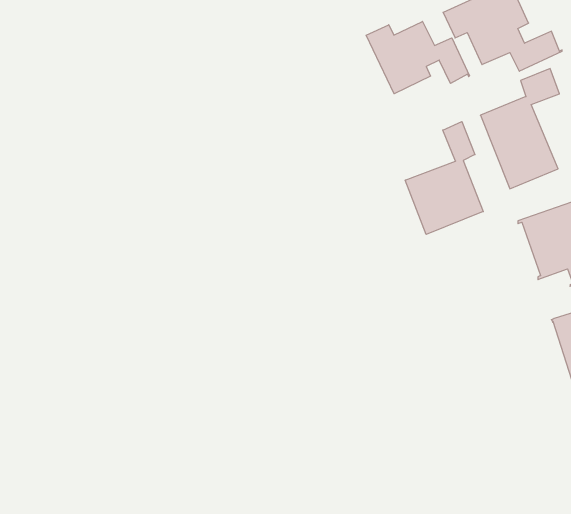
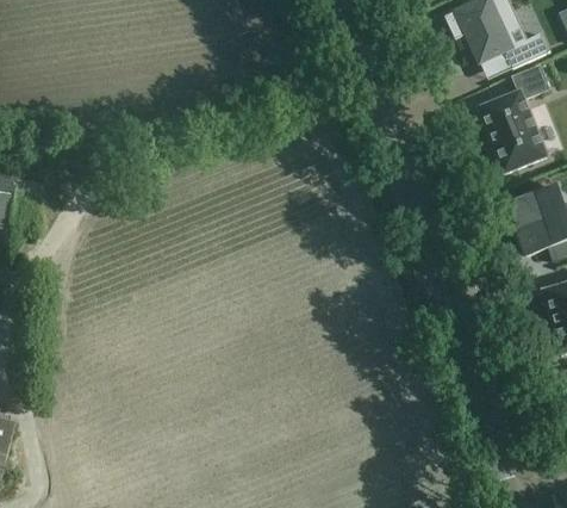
building: [366,21,469,94] -> none
building: [405,122,483,234] -> none

